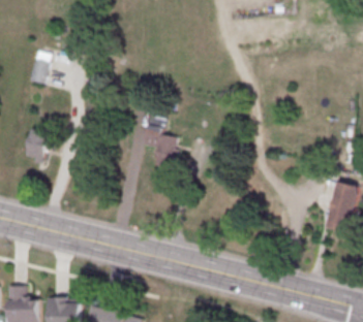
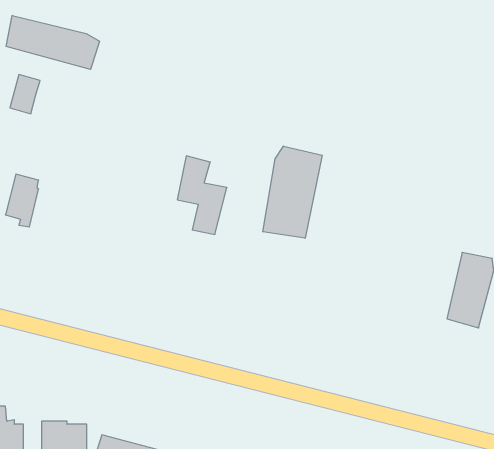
building: none -> [6,15,99,69]
building: none -> [263,146,322,238]

